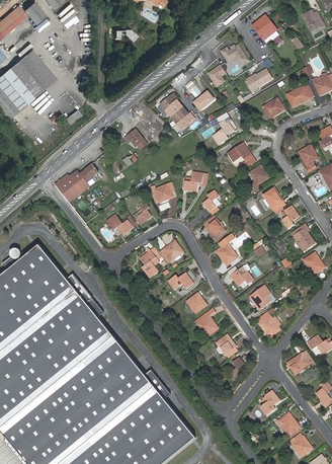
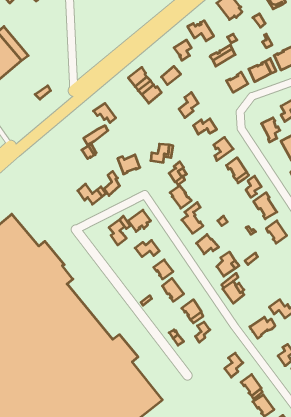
building: [57,163,98,202] -> none

